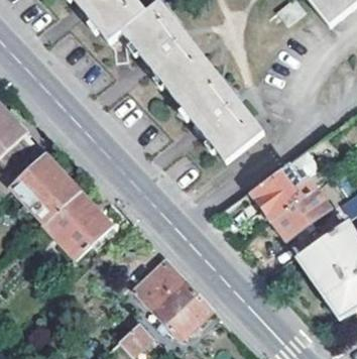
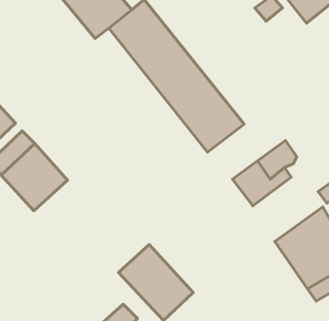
building: [275,190,331,239] -> none
building: [44,193,111,259] -> none

